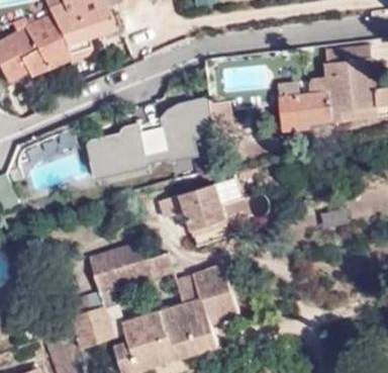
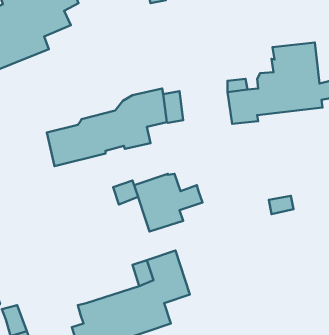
building: [89,243,173,293] -> none
building: [72,304,128,347] -> none

